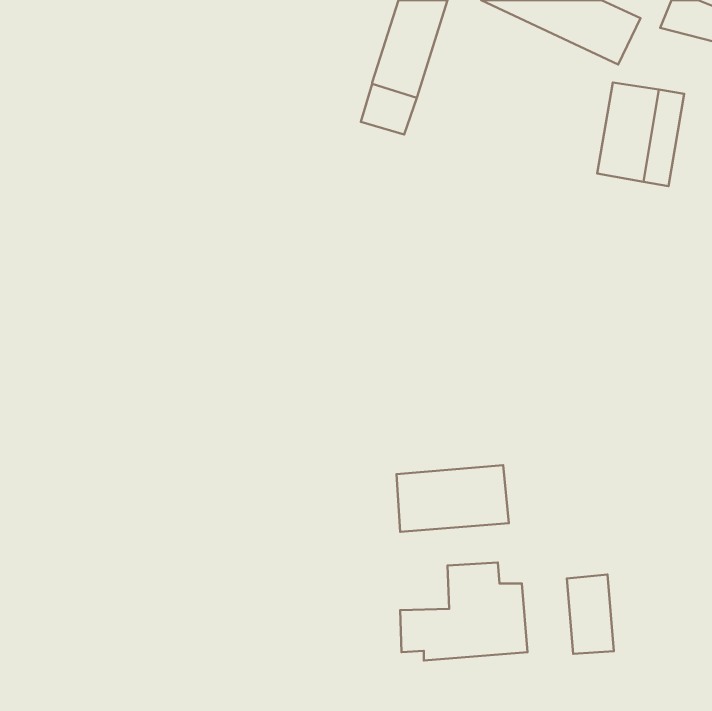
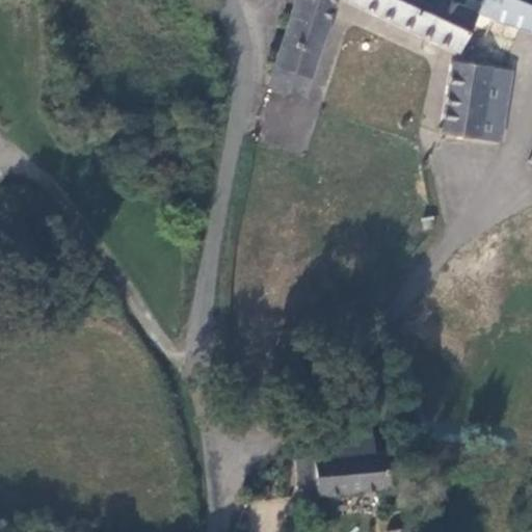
building: [396,465,509,532] -> none
building: [567,575,614,654] -> none

